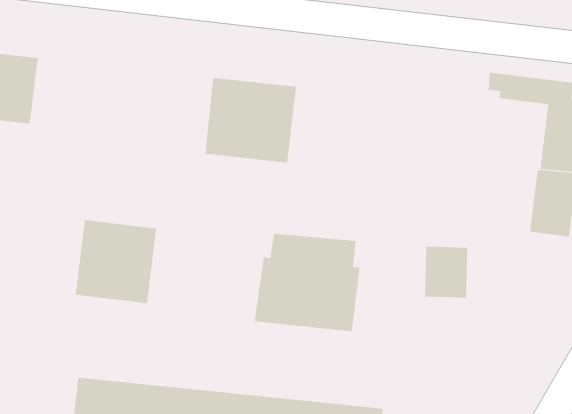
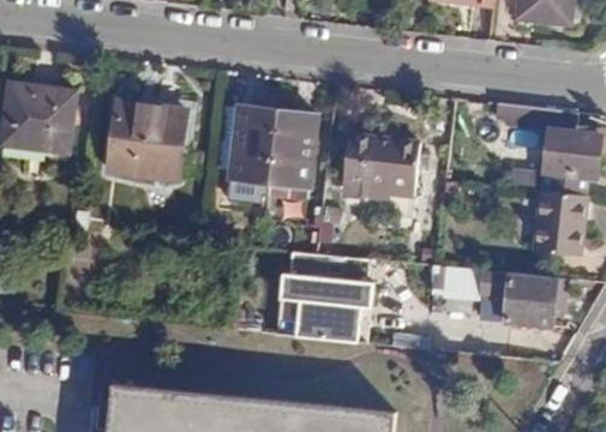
building: none -> [340,134,415,186]
building: [75,220,157,304] -> [108,100,184,178]
building: none -> [481,277,558,335]

